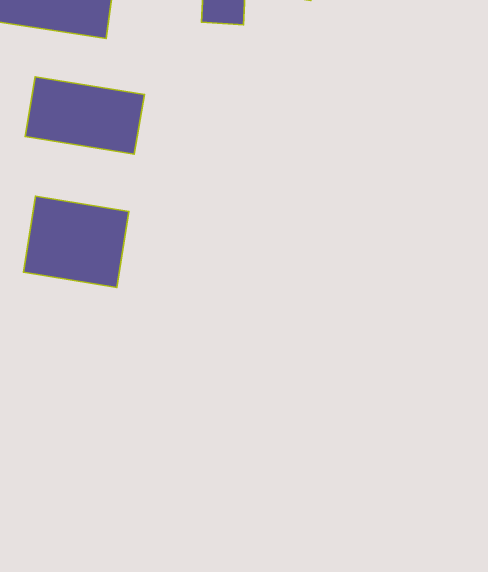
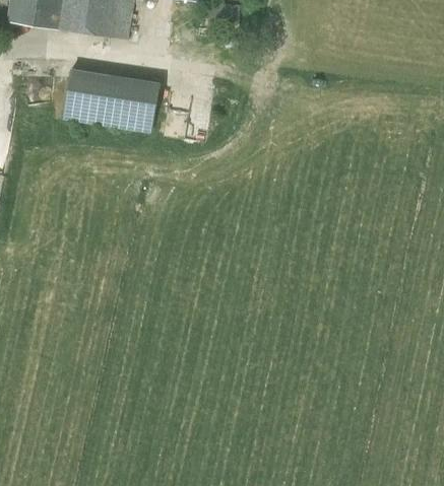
building: [23,196,129,287] -> none

